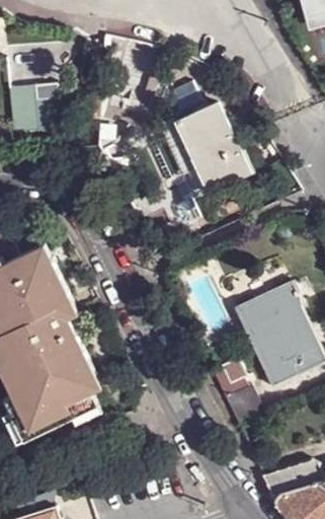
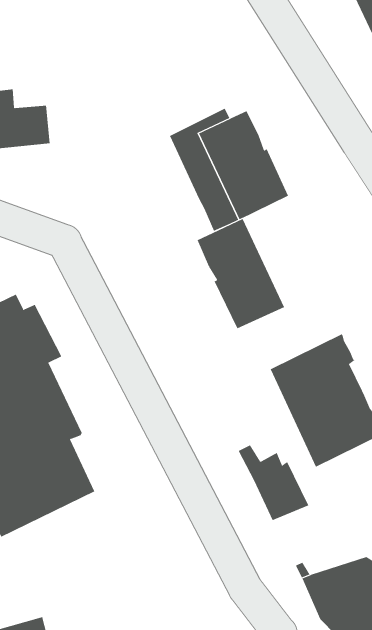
building: none -> [197,218,285,329]

